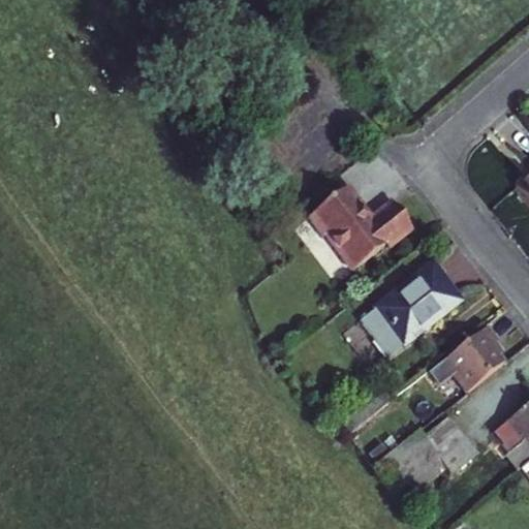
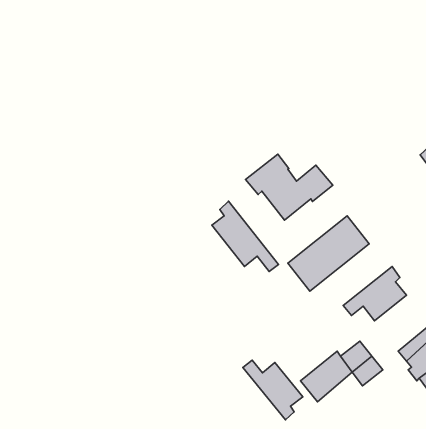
building: none -> [212,201,279,271]
building: none -> [243,360,303,420]

